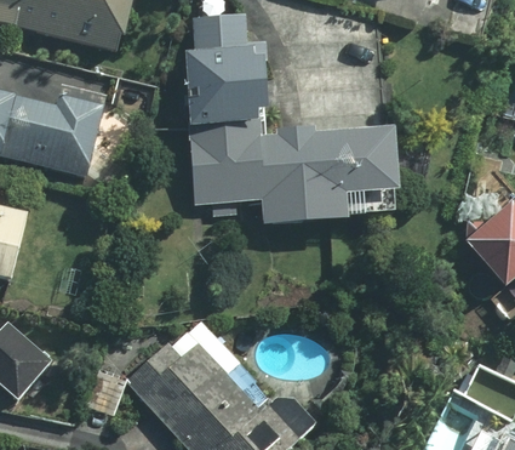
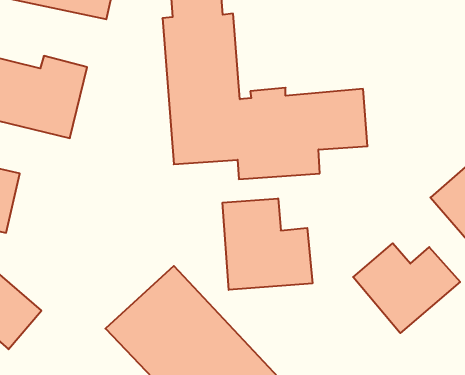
building: none -> [223,198,312,290]
building: none -> [353,243,460,333]

